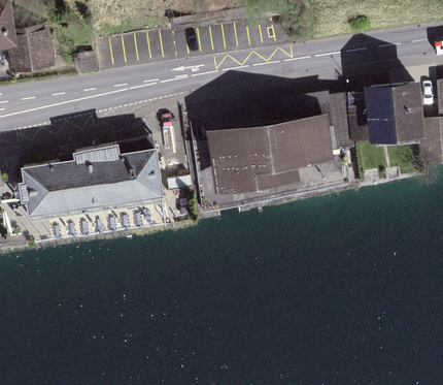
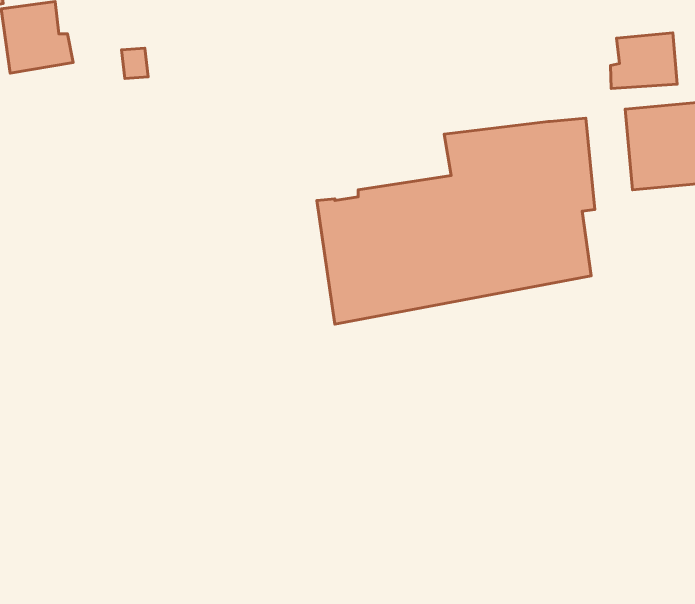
building: none -> [610,33,677,89]
building: [22,143,161,213] -> none

